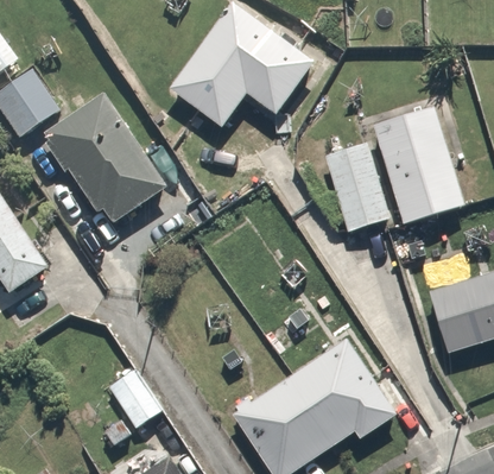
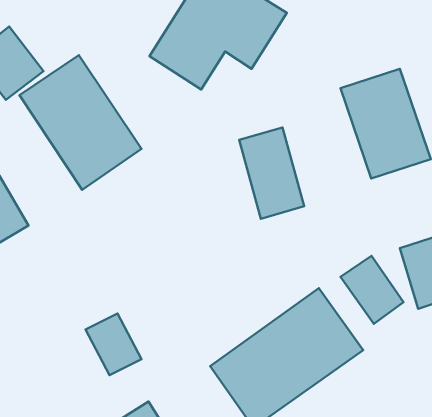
building: [323,139,391,234] -> [239,127,304,219]
building: none -> [341,256,404,324]

